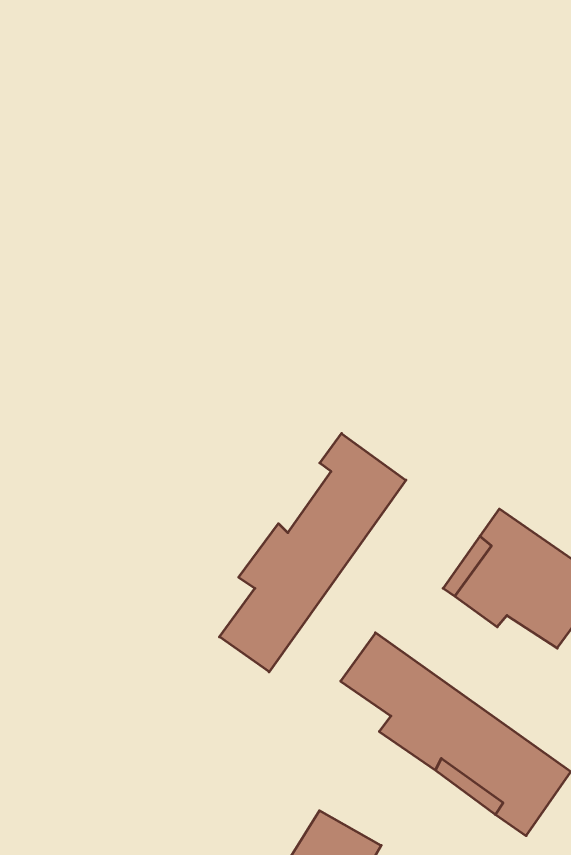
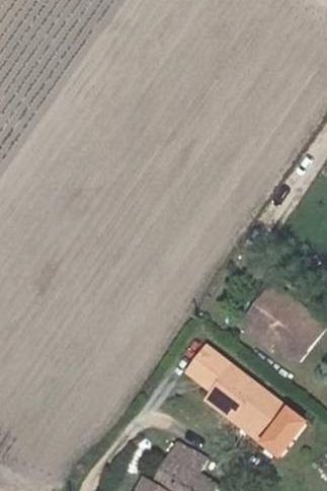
building: [219,433,406,672] -> none

